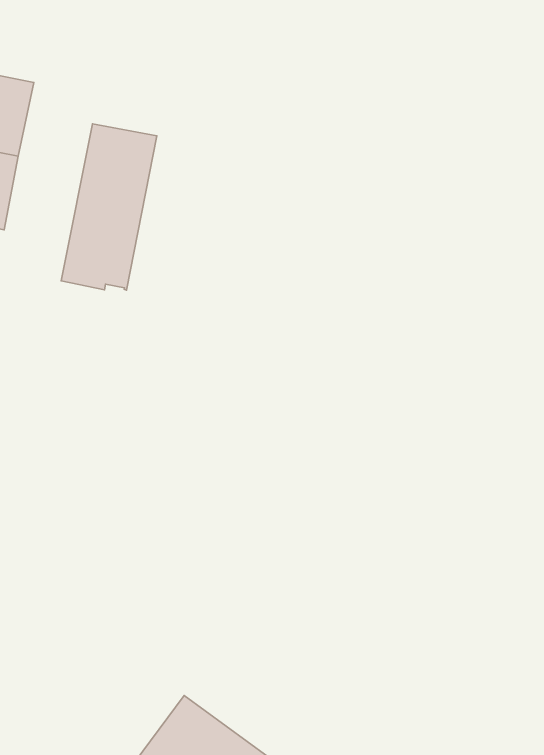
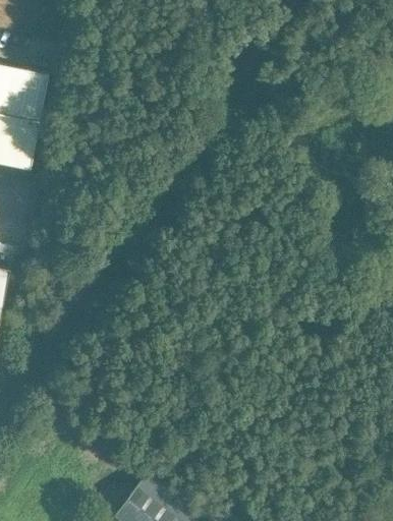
building: [61,124,157,290] -> none

